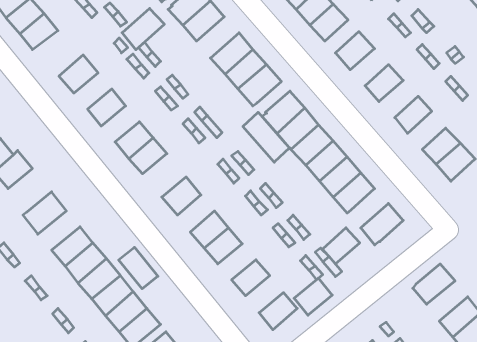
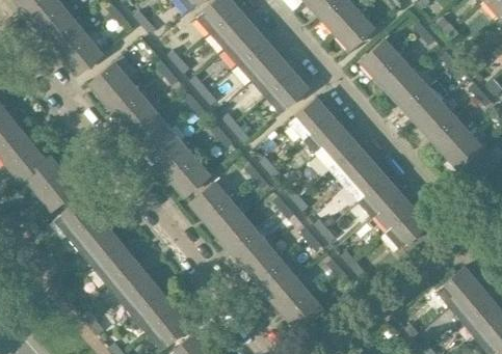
building: [122,8,164,50] -> [224,25,266,65]
building: none -> [63,38,102,75]
building: none -> [375,56,413,92]
building: none -> [104,80,141,115]
building: none -> [403,87,442,124]
building: none -> [131,112,168,147]
building: none -> [431,117,469,155]
building: [243,112,290,162] -> none
building: none -> [171,159,209,196]
building: none -> [39,173,77,210]
building: none -> [206,199,242,236]
building: none -> [69,215,110,253]
building: [323,228,360,264] -> [376,193,413,228]
building: none -> [245,247,283,282]
building: [119,247,158,289] -> none
building: [294,278,332,315] -> [272,278,310,315]
building: none -> [450,283,491,323]

